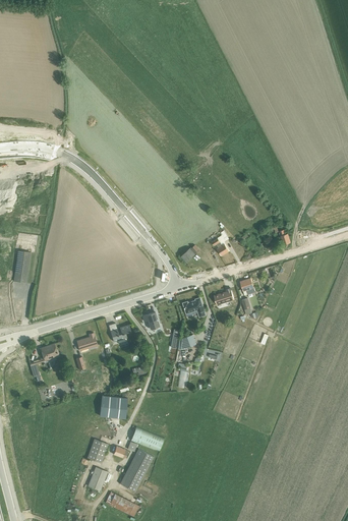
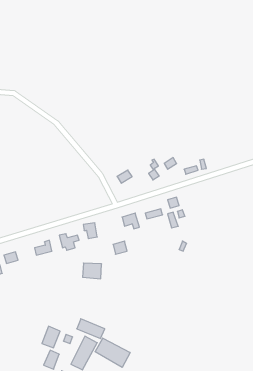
building: [102,398,125,417] -> [83,263,102,279]
building: none -> [95,338,130,367]

